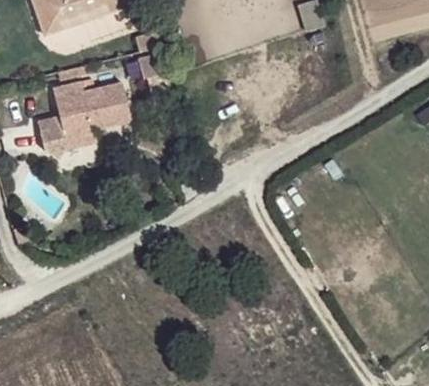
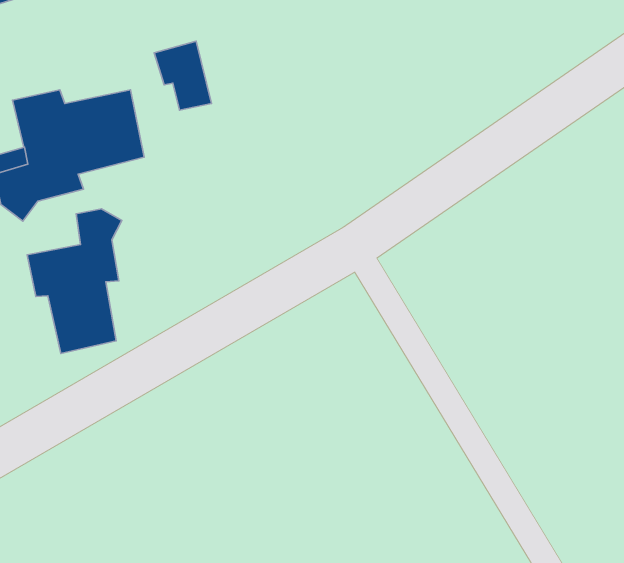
building: none -> [27,209,122,354]

